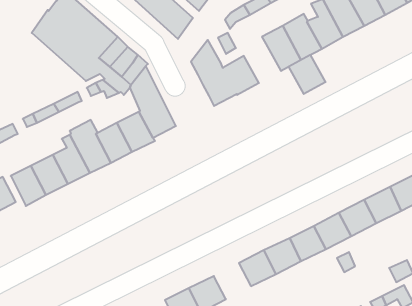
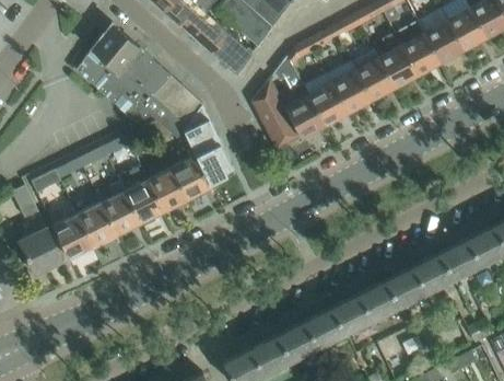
building: [288,55,326,94] -> [308,82,349,125]
building: none -> [276,322,316,361]

